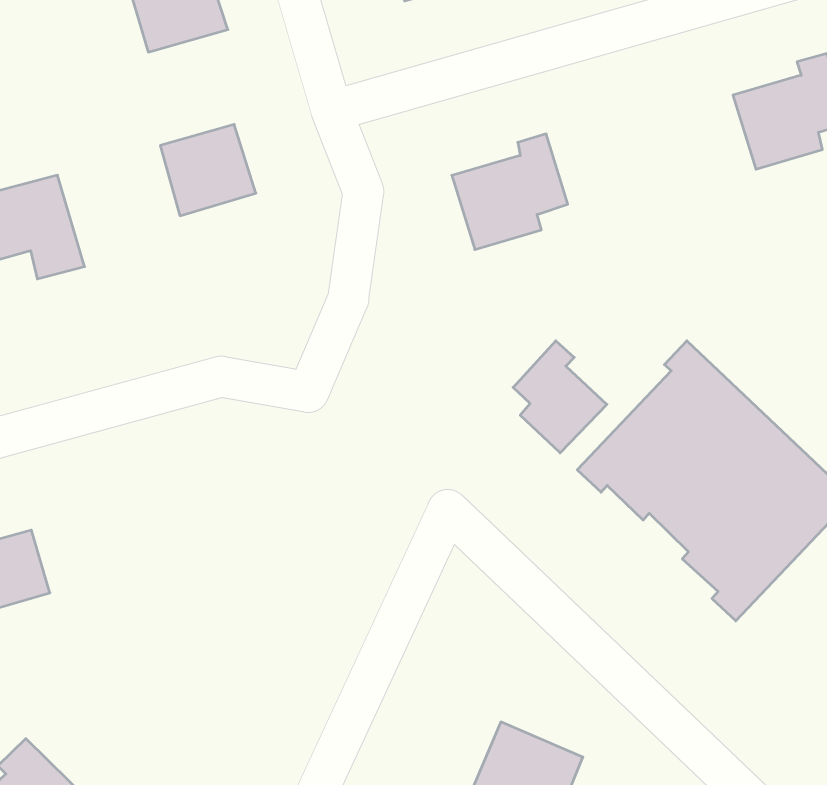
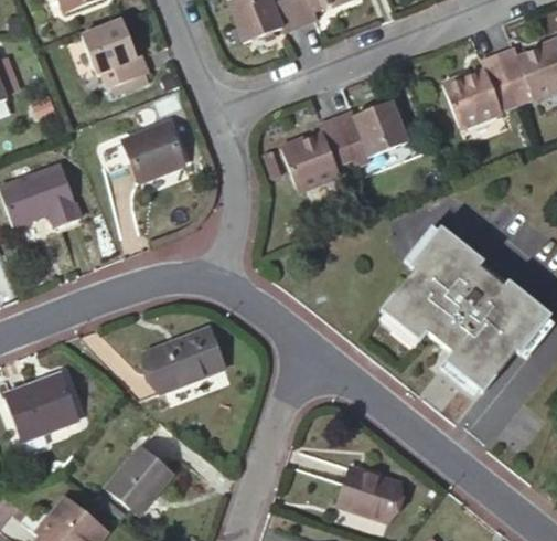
building: none -> [344,93,419,158]
building: [513,341,607,453] -> none
building: none -> [150,338,227,399]
building: none -> [108,452,174,517]

